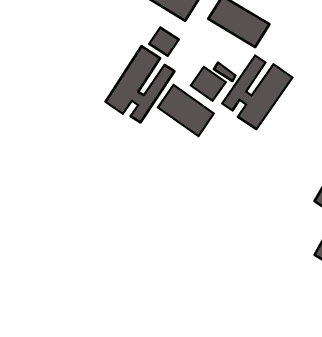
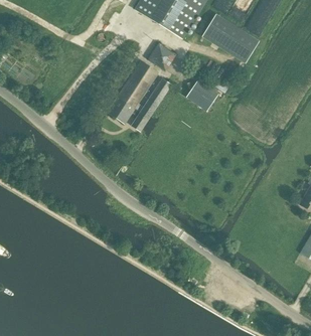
building: [222,55,293,129] -> none
building: [158,85,214,136] -> none

